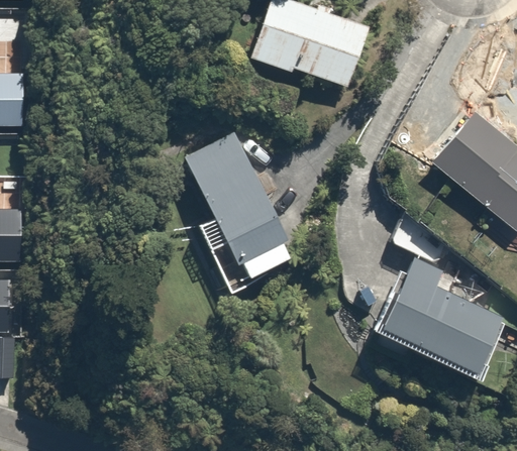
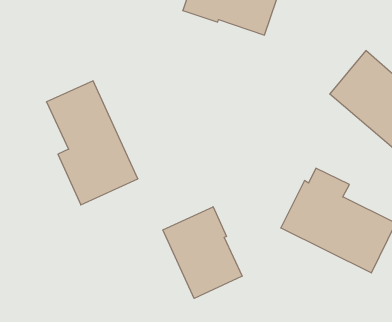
building: [187,135,300,289] -> [46,81,138,205]
building: none -> [163,207,242,298]

